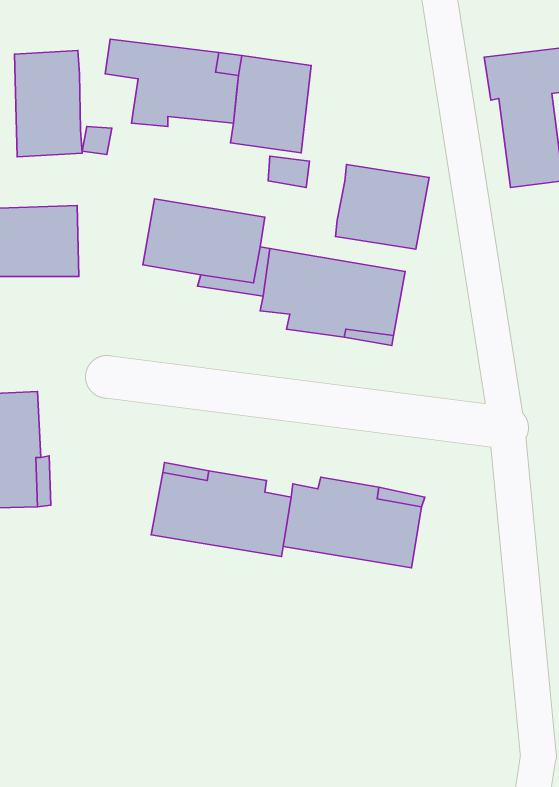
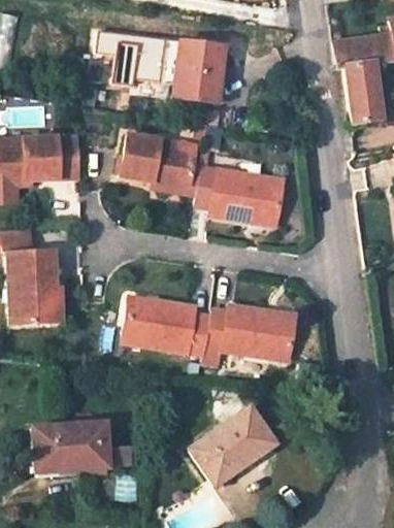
building: [14,50,82,157] -> none
building: [335,165,429,249] -> none
building: none -> [193,406,275,483]
building: none -> [36,423,109,471]

